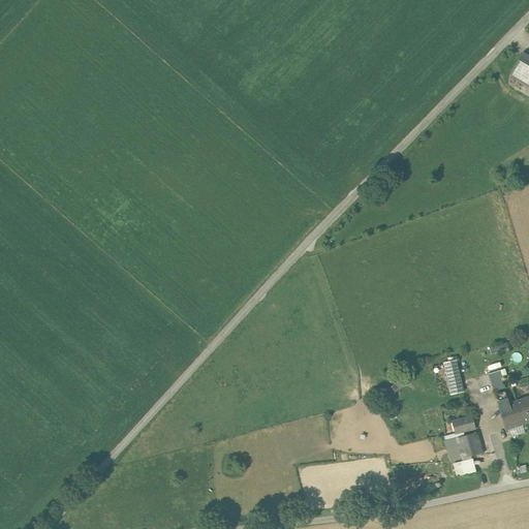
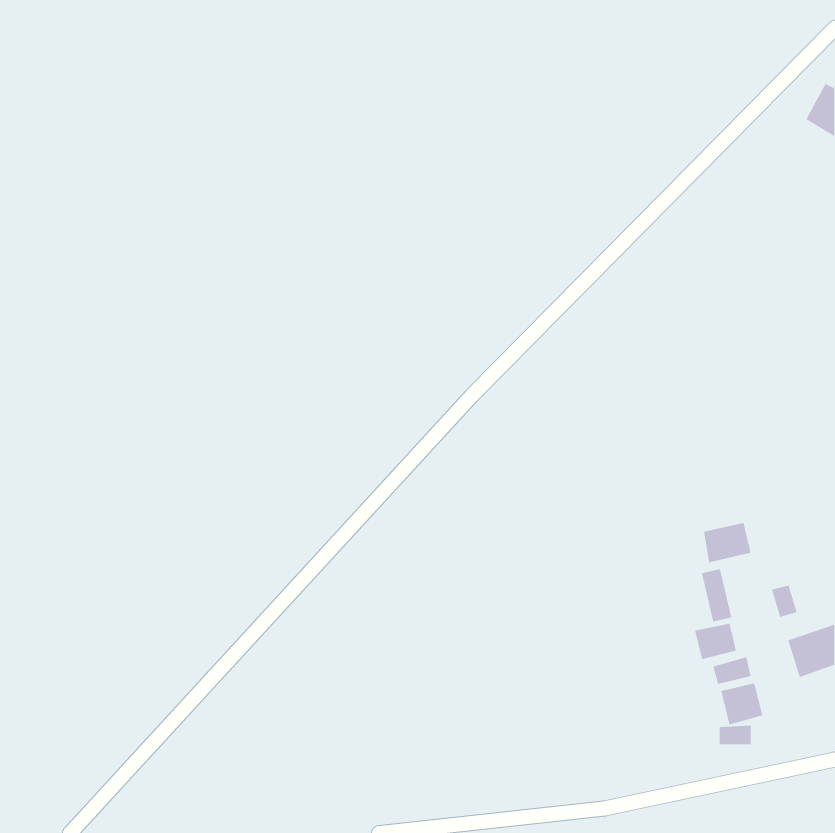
building: none -> [703,522,751,563]
building: none -> [694,623,737,660]

